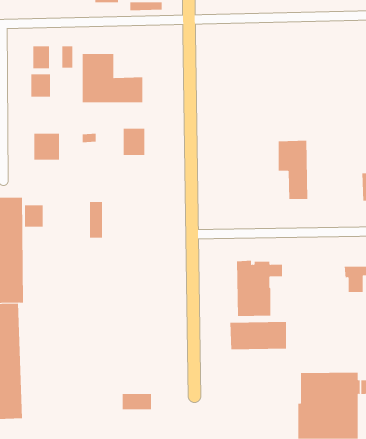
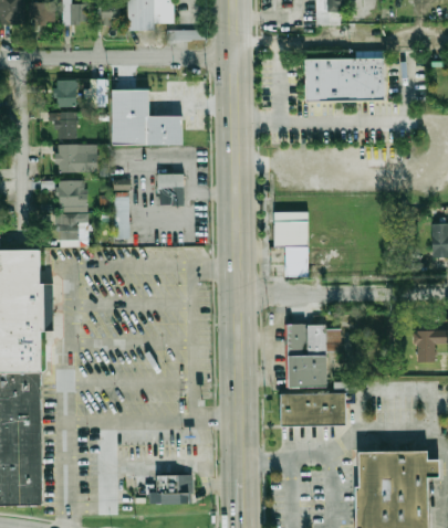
building: none -> [305,57,385,102]
building: none -> [54,145,87,172]
building: [278,140,308,199] -> [273,210,308,277]
building: [89,201,103,238] -> [114,197,129,239]
building: [24,205,44,227] -> [56,213,79,239]

